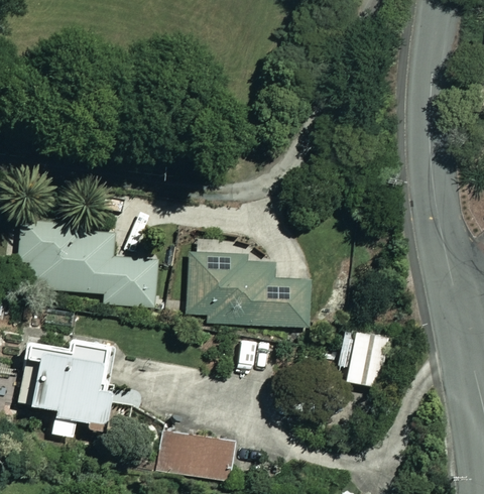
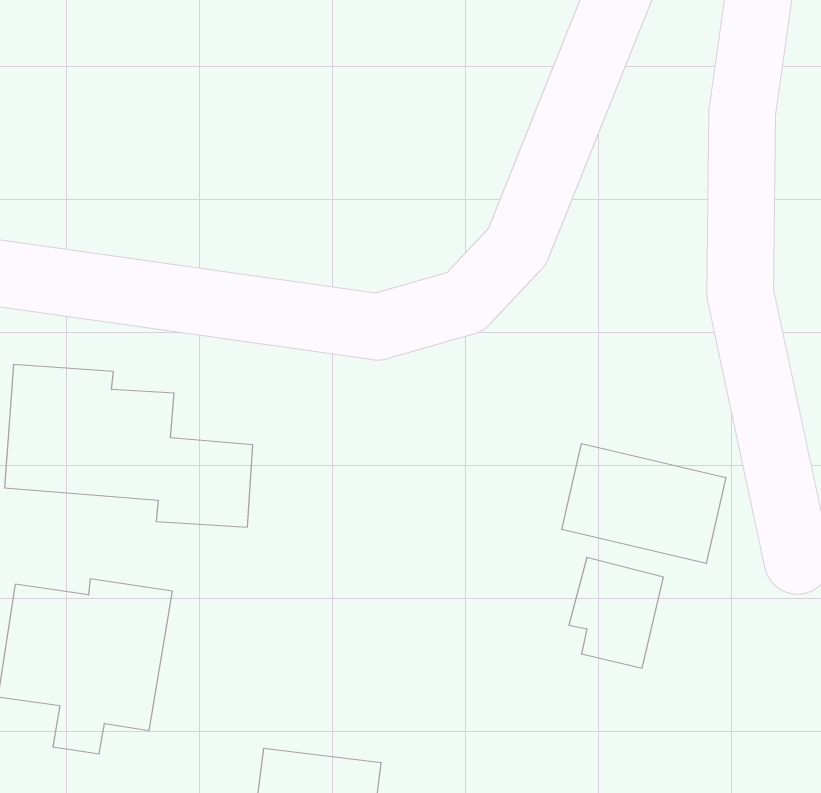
building: [189,252,312,327] -> none
building: none -> [562,444,726,564]

